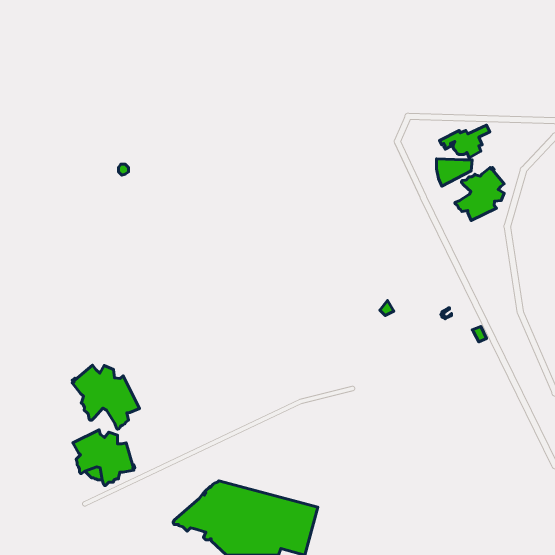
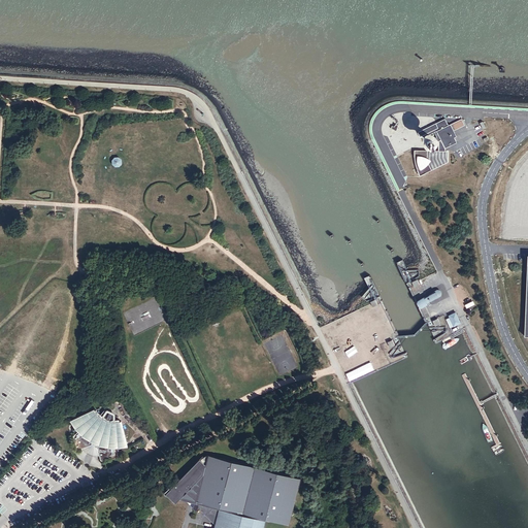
building: [455,167,504,221] -> none
building: [72,365,140,429] -> none

